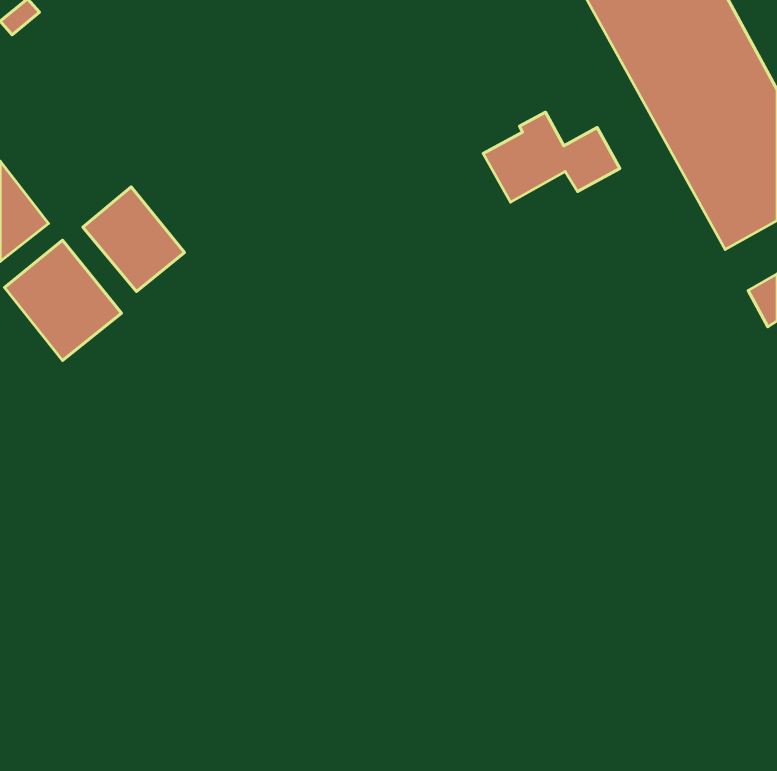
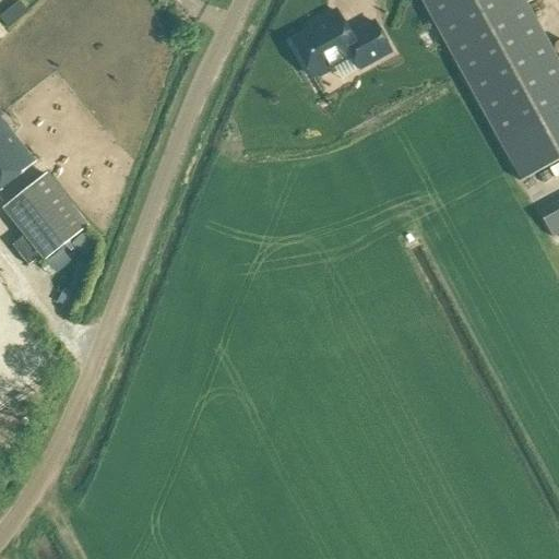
building: [483,112,620,202] -> [292,10,390,74]
building: [83,187,185,292] -> none

